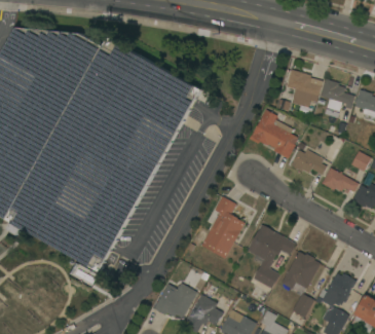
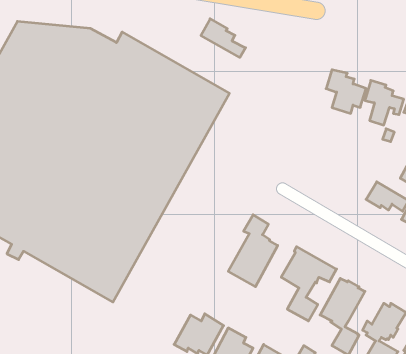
building: none -> [201,19,246,57]
building: [250,110,298,159] -> none
building: [291,149,327,175] -> none

